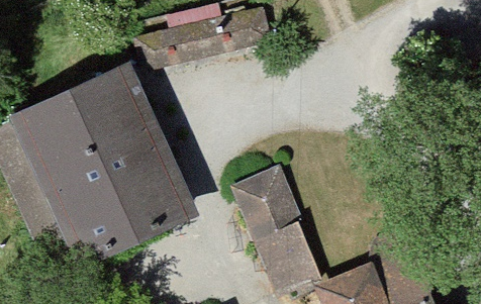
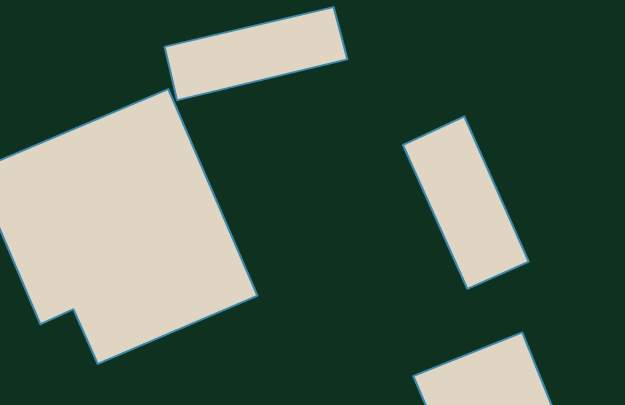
building: [228,164,321,291] -> [403,116,529,289]

